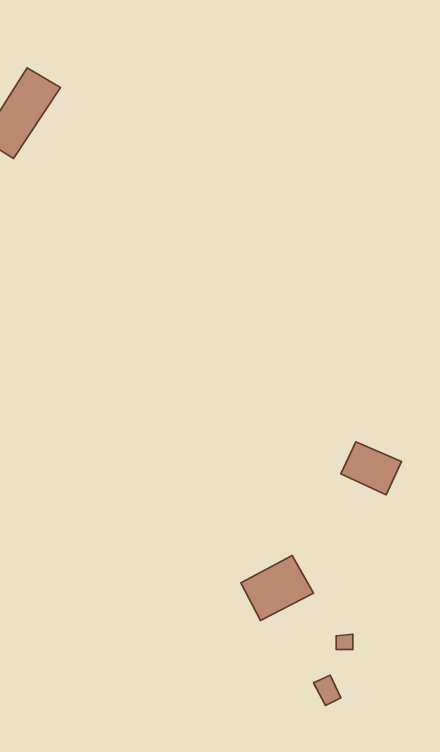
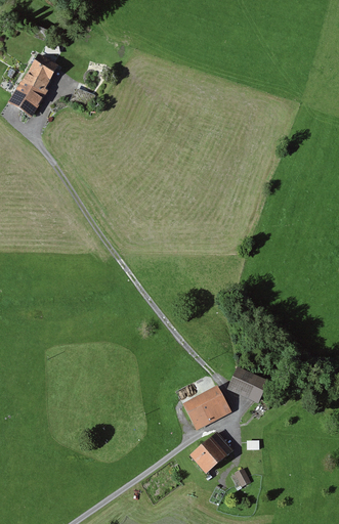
building: [341,442,401,495] -> [226,366,267,402]
building: none -> [189,436,228,474]

